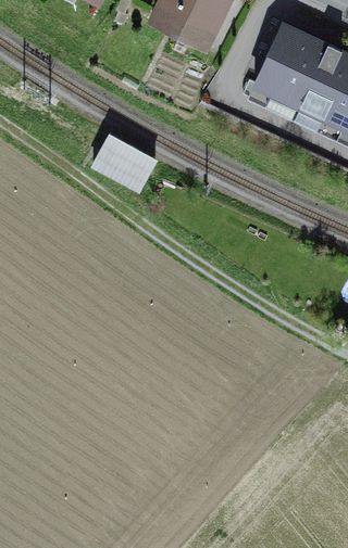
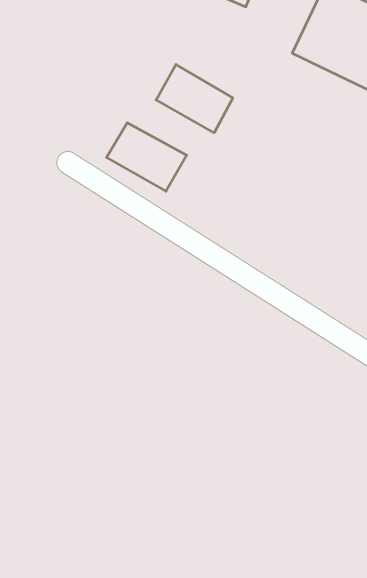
building: none -> [156,64,233,133]

